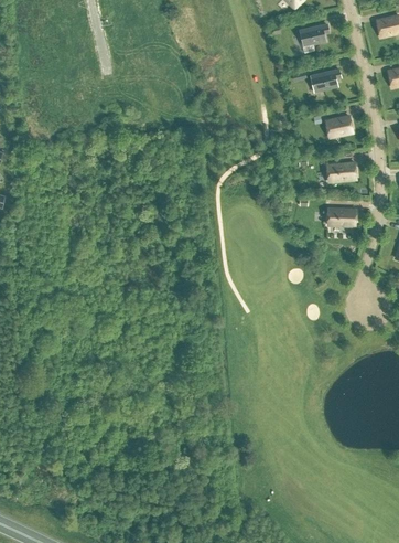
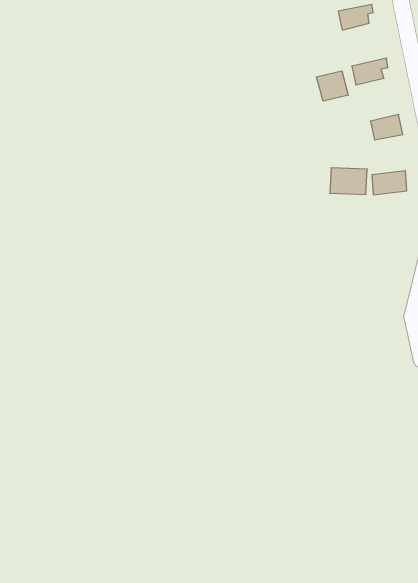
building: none -> [317,71,348,101]
building: [326,206,357,228] -> [330,168,367,195]

